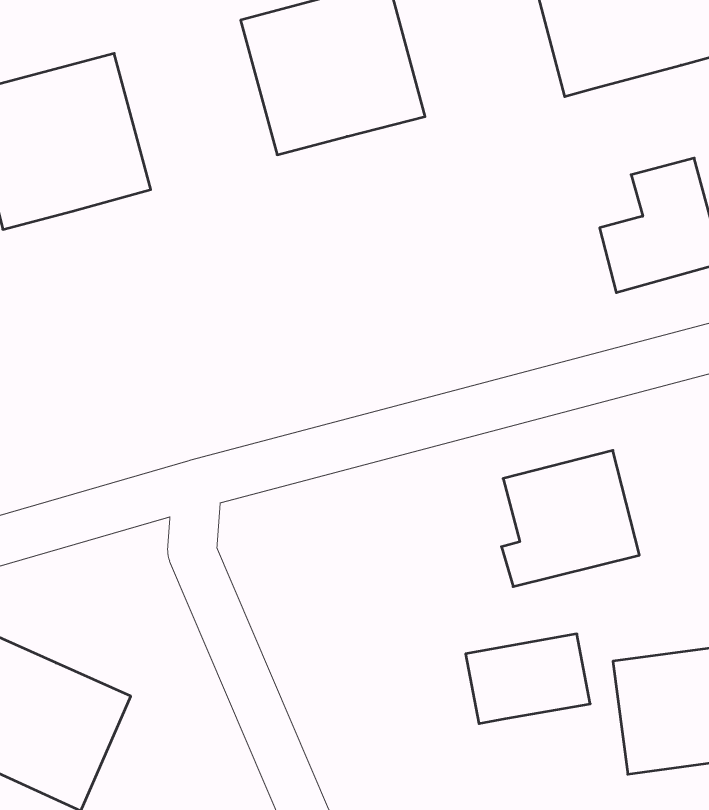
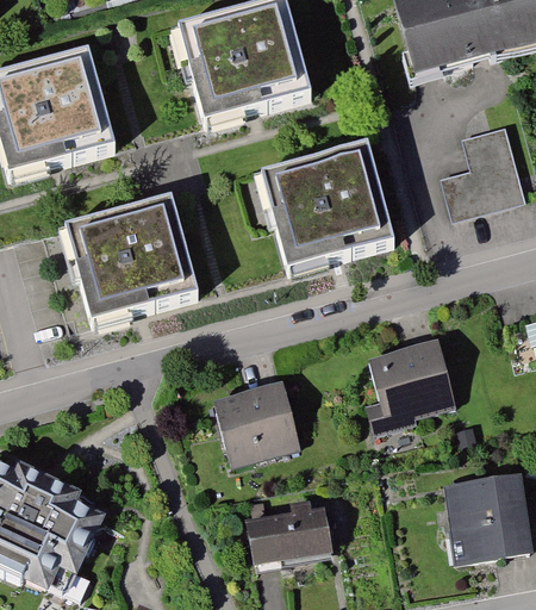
building: none -> [263,142,395,269]
building: none -> [68,197,198,322]
building: none -> [210,378,297,462]
building: [466,634,590,724] -> [242,505,331,569]

